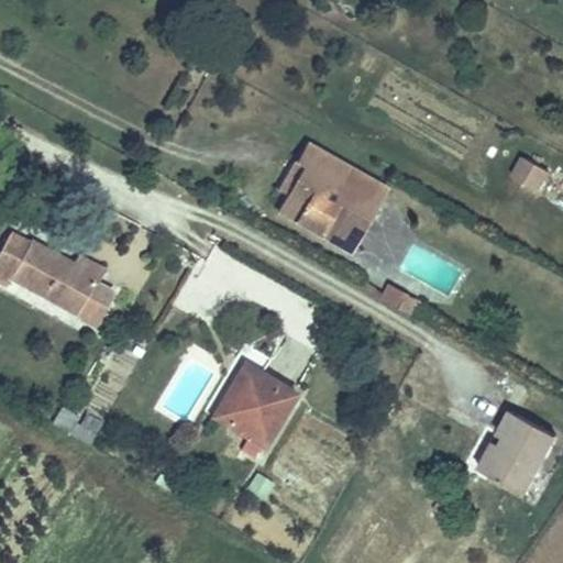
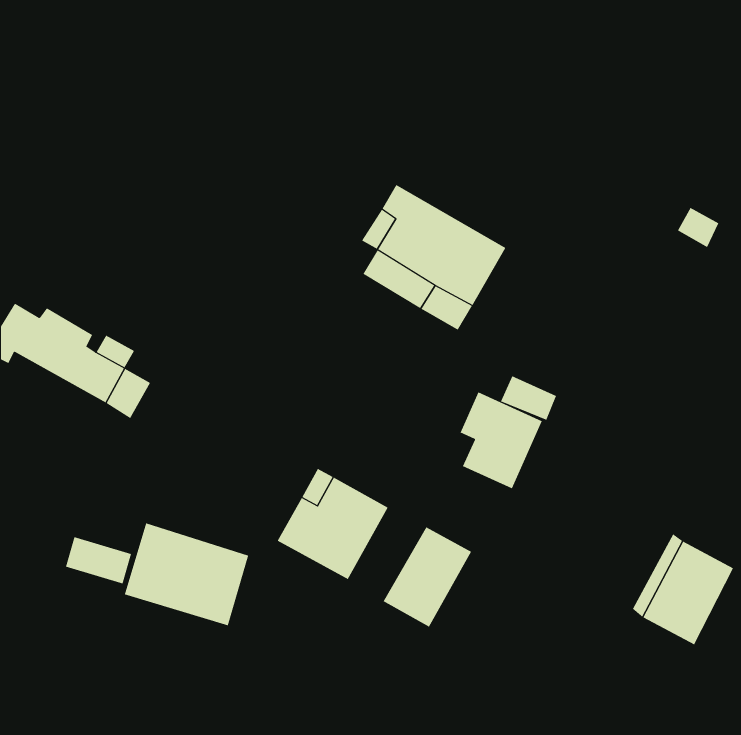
building: none -> [460,392,543,489]
building: none -> [124,523,249,626]
building: none -> [383,527,472,627]

